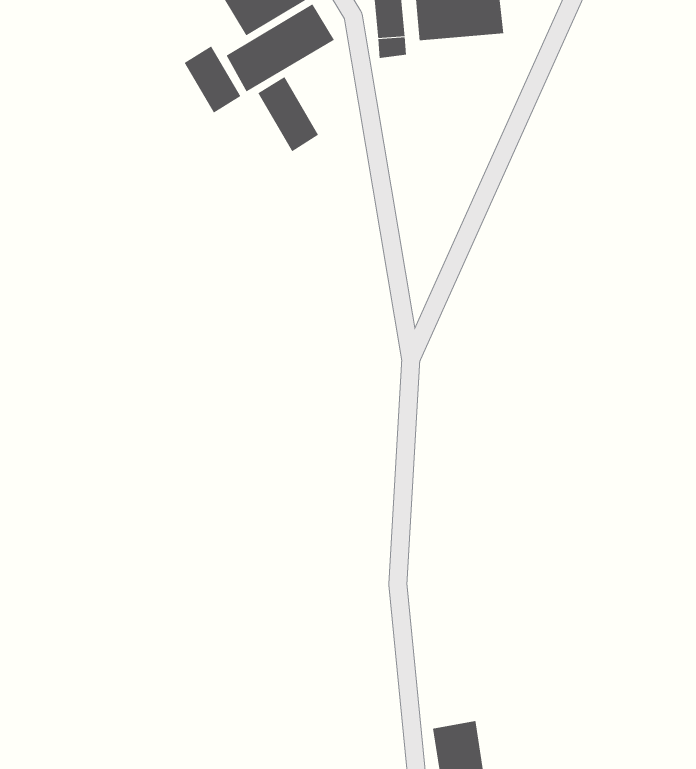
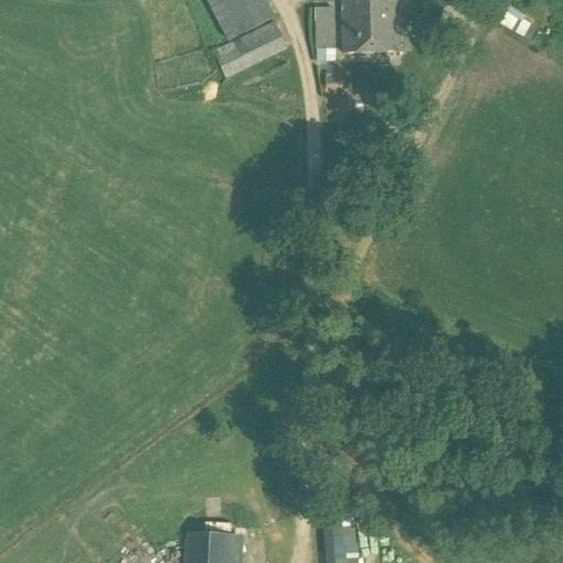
building: [184,46,241,113] -> none
building: [257,76,319,152] -> none

